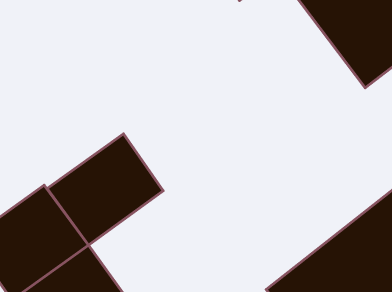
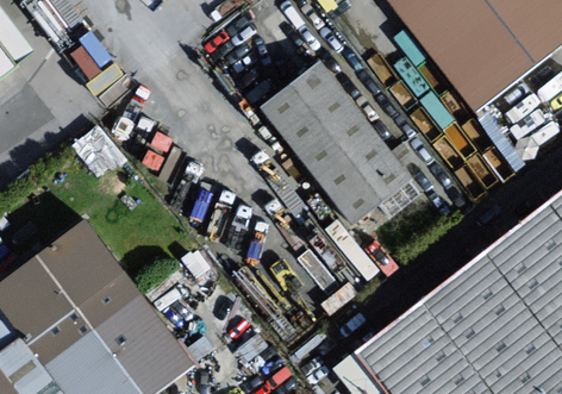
building: none -> [263,63,410,221]
building: [47,134,163,245] -> none

